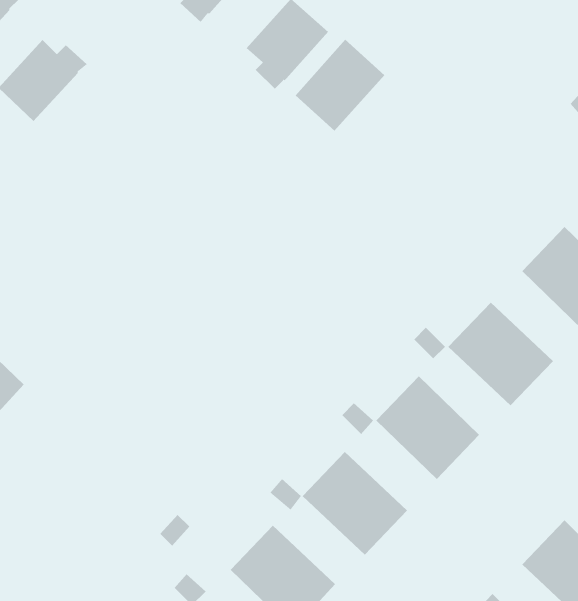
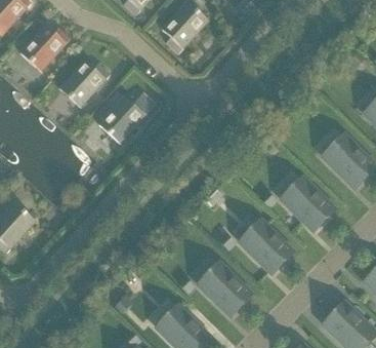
building: [295,39,385,132] -> none
building: none -> [59,60,111,107]
building: none -> [99,91,156,143]

